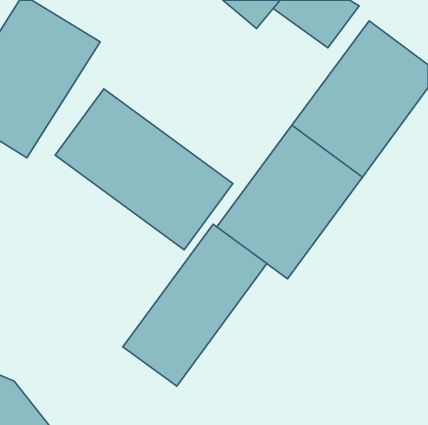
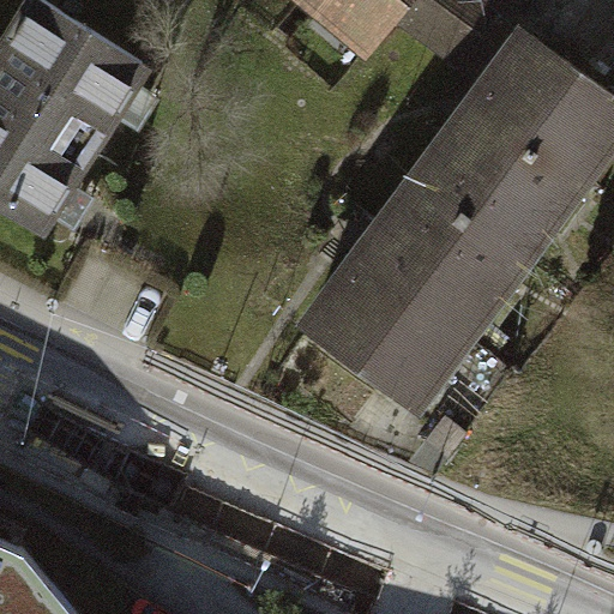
building: [55,89,233,250] -> none
building: [123,224,267,386] -> none

